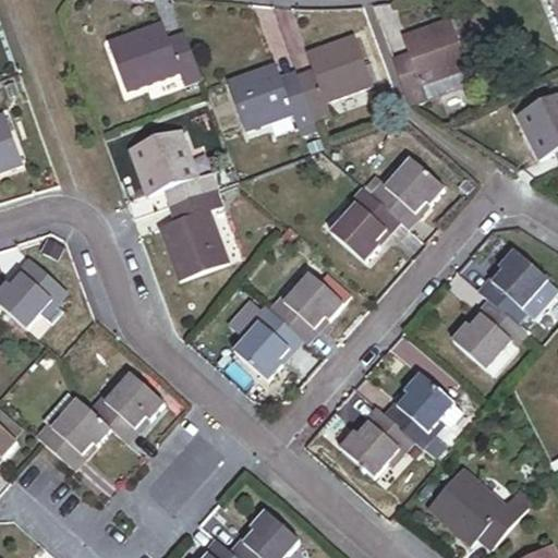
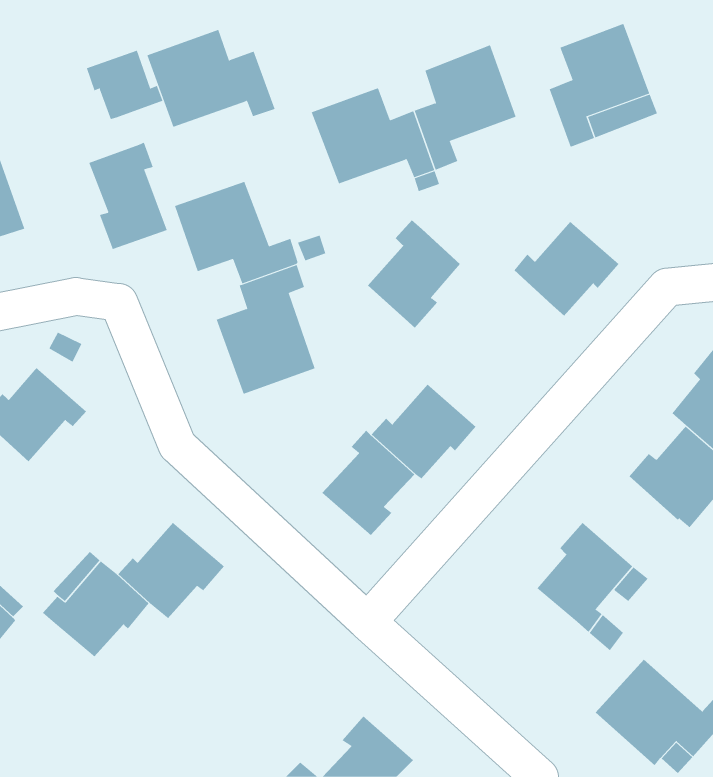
building: none -> [86,50,163,120]
building: none -> [89,142,167,250]
building: [330,185,397,263] -> [367,220,461,329]
building: [338,411,414,476] -> none

